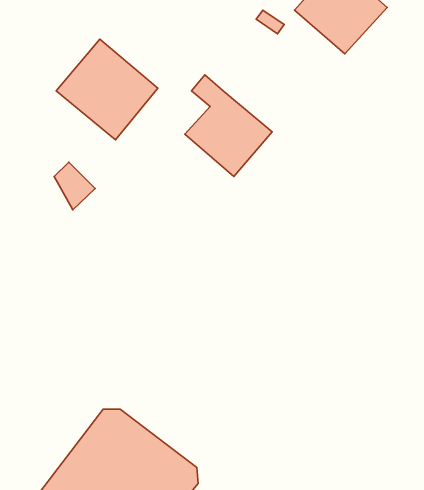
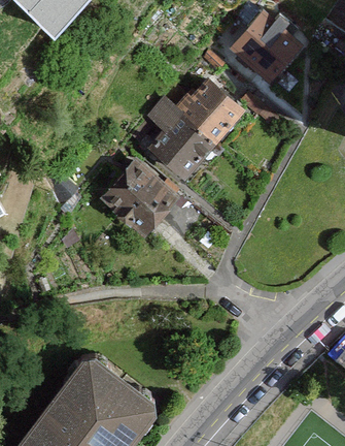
building: [56,39,158,140] -> [97,156,176,234]
building: none -> [177,81,245,145]

